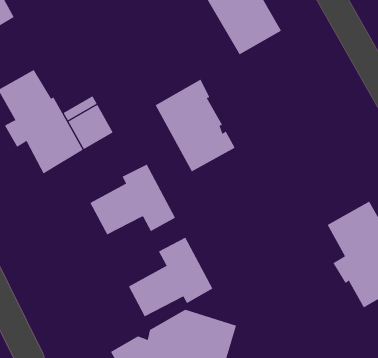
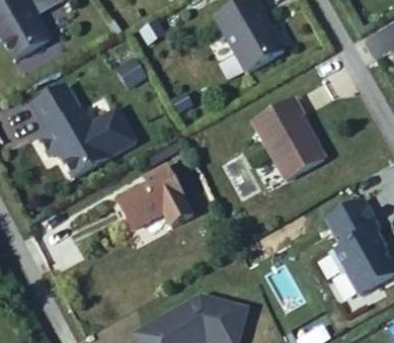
building: [155,79,235,172] -> [254,99,325,181]
building: [128,237,213,317] -> none

